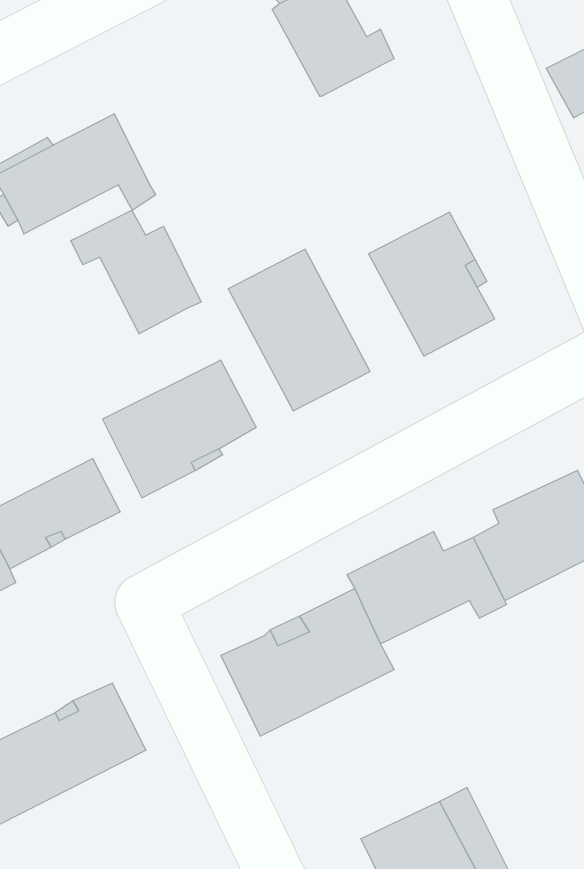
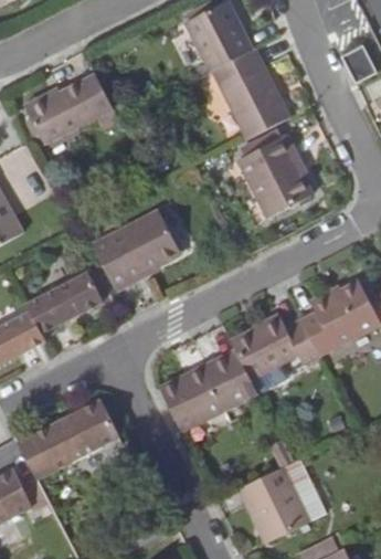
building: [71,210,201,334] -> none
building: [228,249,370,411] -> [214,48,294,138]

